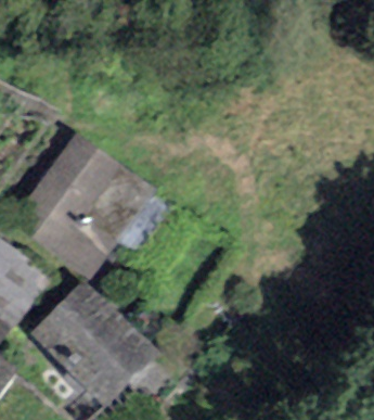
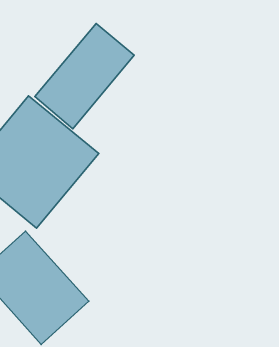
building: none -> [35,24,134,129]

